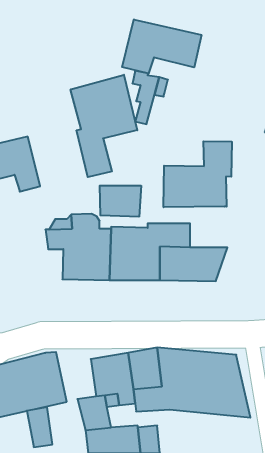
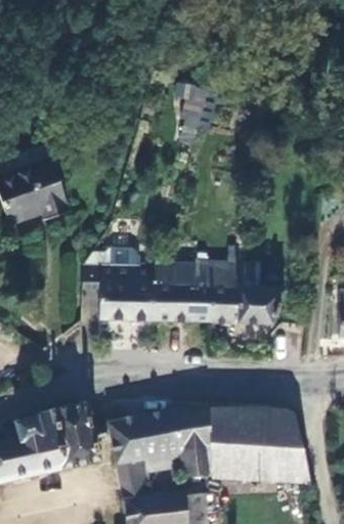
building: [122,19,201,74] -> none
building: [71,75,137,177] -> none
building: [164,141,232,207] -> none
building: [100,186,141,217] -> none
building: [27,407,52,447] -> [104,414,134,461]

